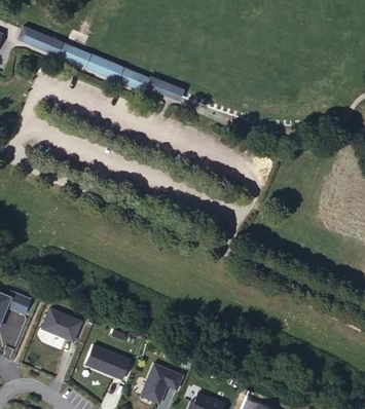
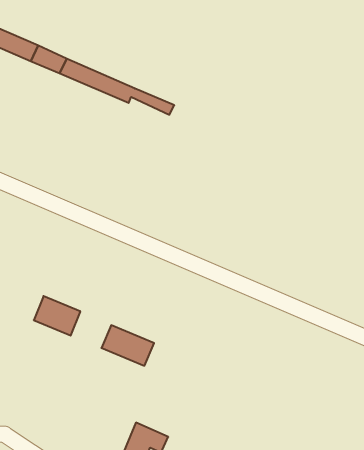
building: [42,308,82,342] -> [34,296,80,336]
building: [85,345,131,380] -> [101,325,154,366]

